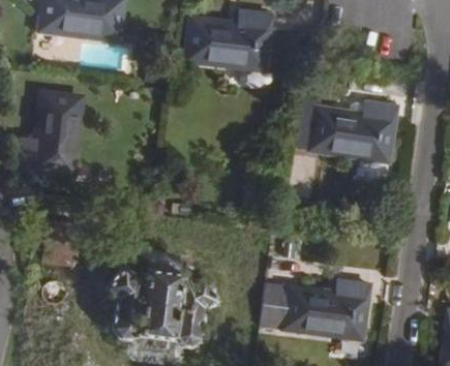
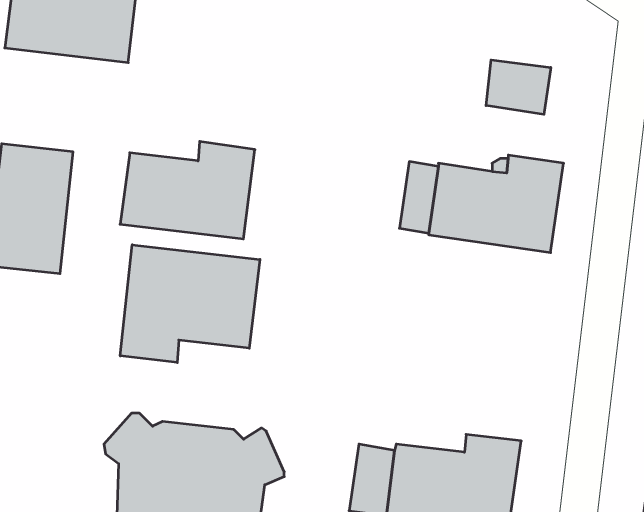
building: [186,8,272,70] -> [120,141,255,239]
building: none -> [486,60,551,114]
building: none -> [120,245,260,363]

